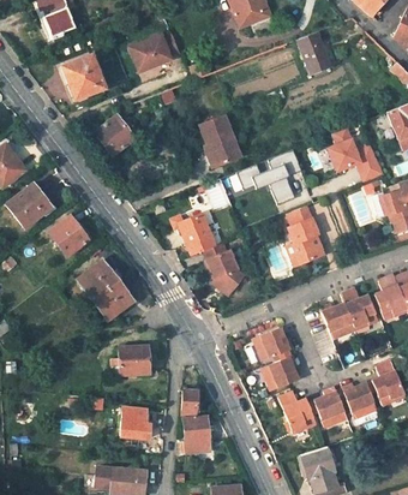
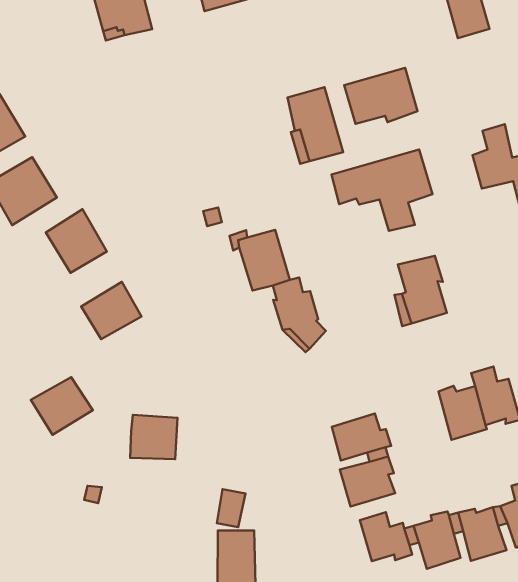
building: none -> [344,68,417,124]
building: [95,115,136,151] -> none
building: [92,280,134,320] -> [31,377,93,435]
building: [121,406,150,439] -> none

